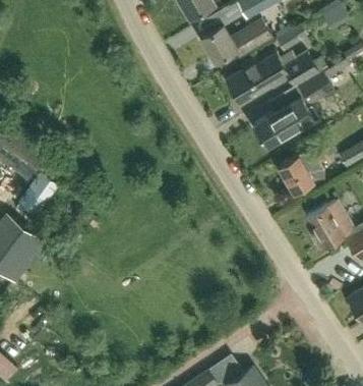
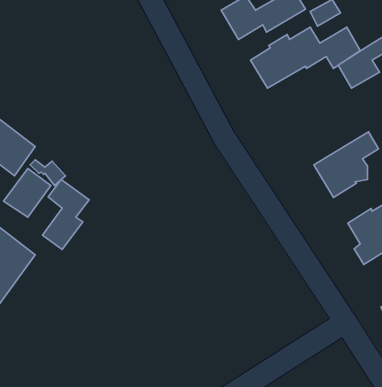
building: [252,99,311,148] -> none
building: none -> [42,180,89,250]

